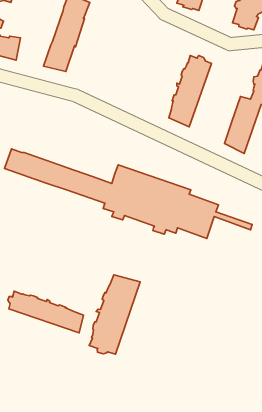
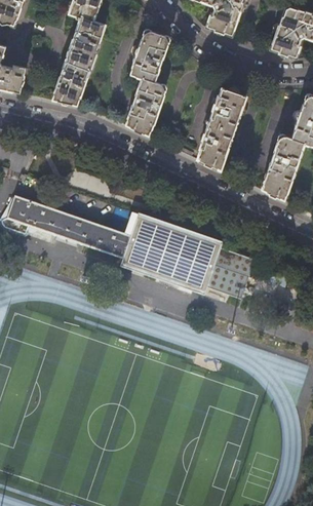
building: none -> [126,30,170,135]
building: [89,275,140,354] -> none
building: [8,291,83,333] -> none

